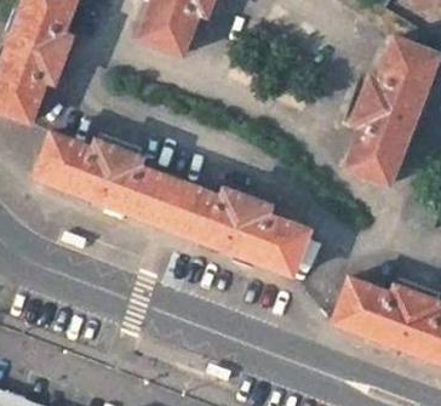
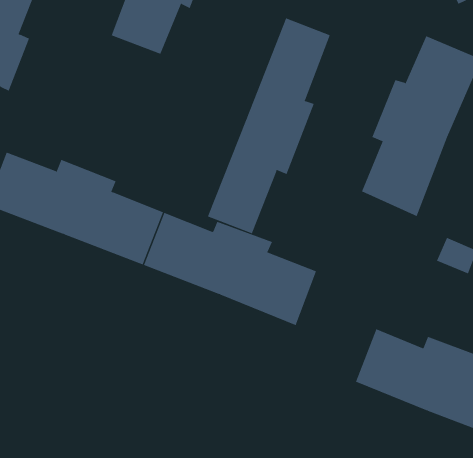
building: none -> [207,17,331,234]

